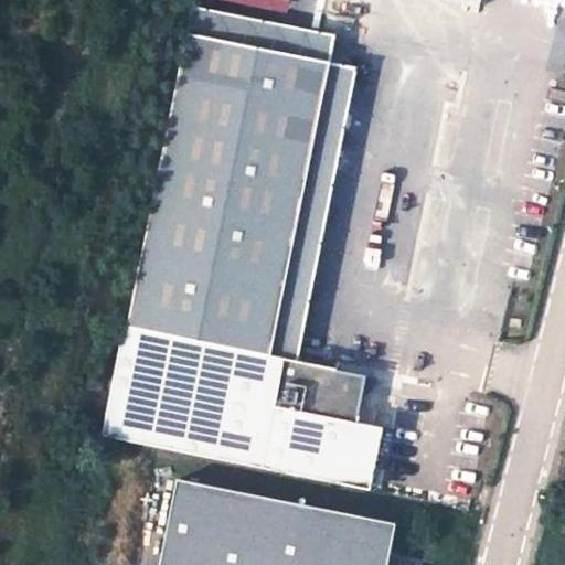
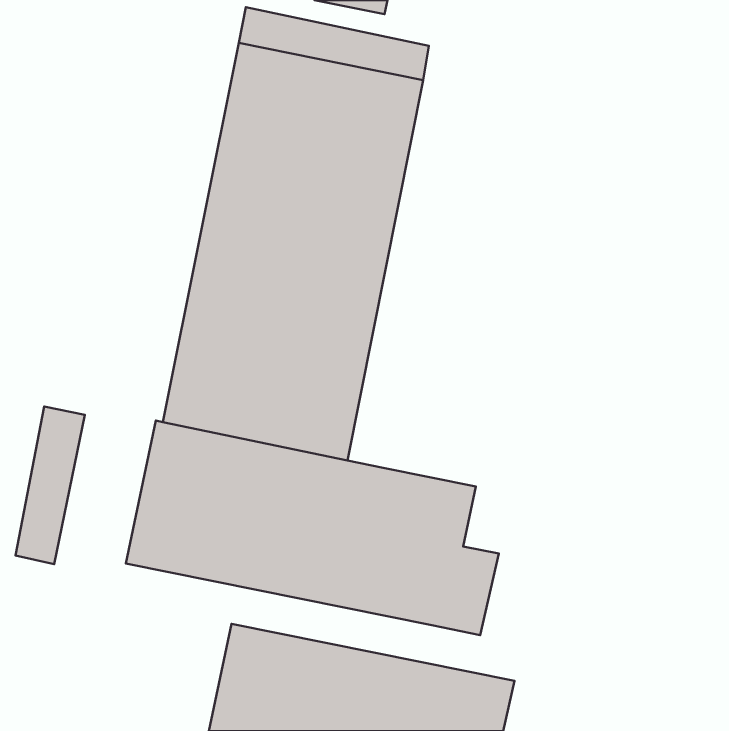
building: [269,62,355,361] -> none
building: none -> [16,407,85,564]

